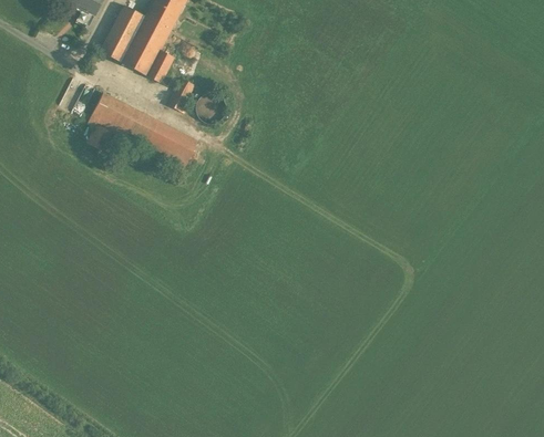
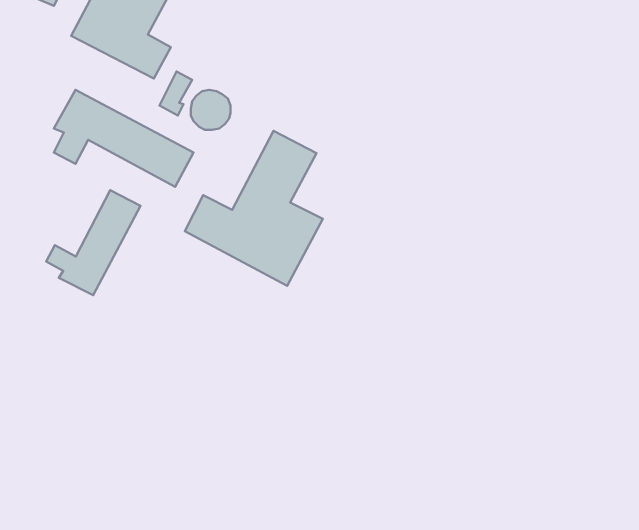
building: none -> [185,131,323,286]
building: none -> [46,190,140,295]

